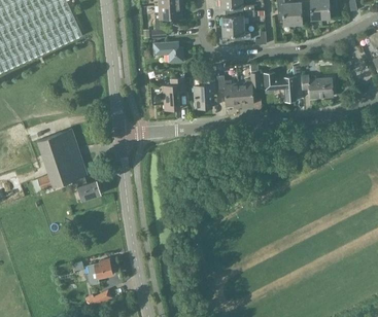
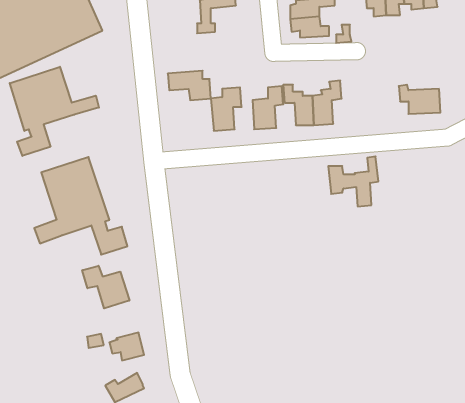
building: [152,40,184,62] -> [168,71,211,100]
building: none -> [10,67,99,156]
building: [264,65,301,102] -> [328,156,378,206]
building: none -> [82,266,129,308]

